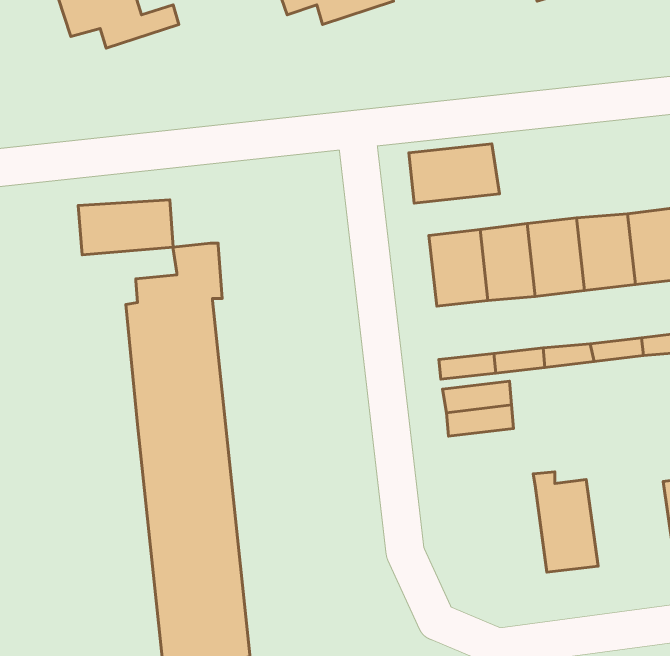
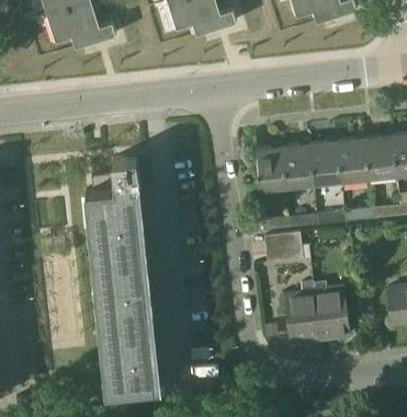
building: [409,144,499,203] -> none
building: [78,200,173,255] -> none
building: none -> [286,281,321,343]

